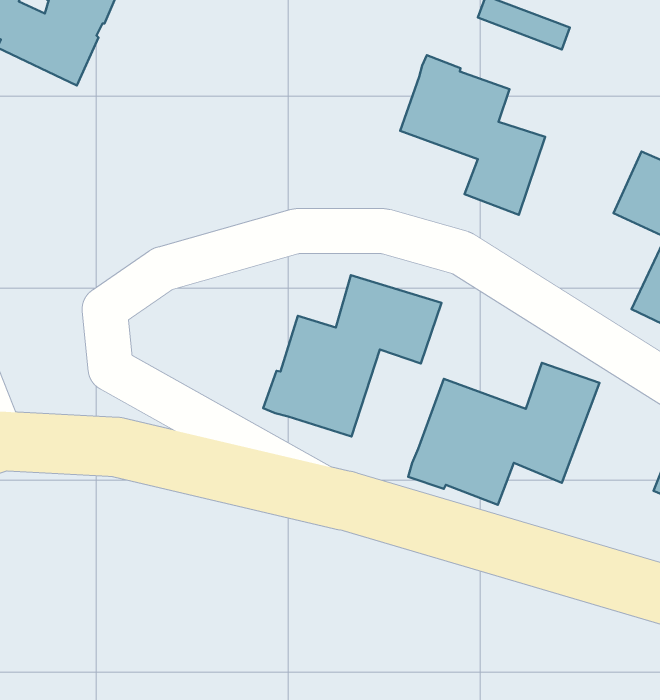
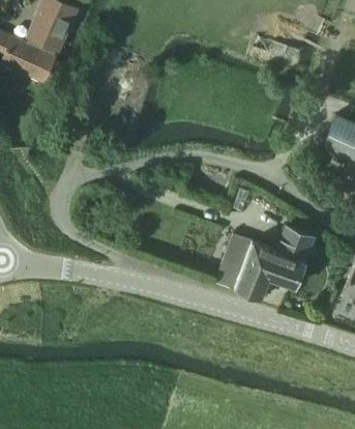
building: [400,55,545,215] -> none
building: [263,275,442,436] -> none

